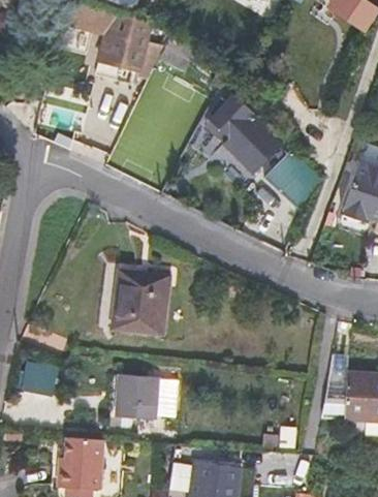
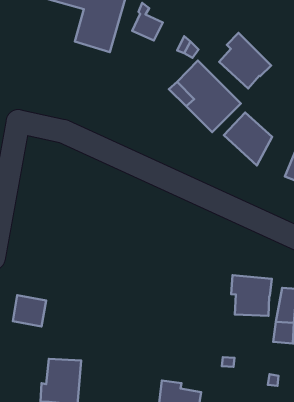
building: none -> [219,33,271,89]
building: [112,267,171,334] -> none
building: none -> [231,275,272,316]
building: [117,373,159,416] -> none

